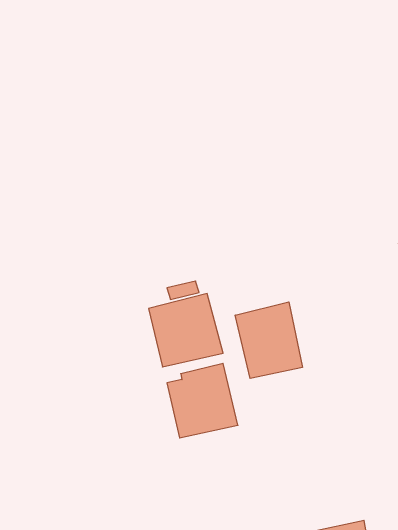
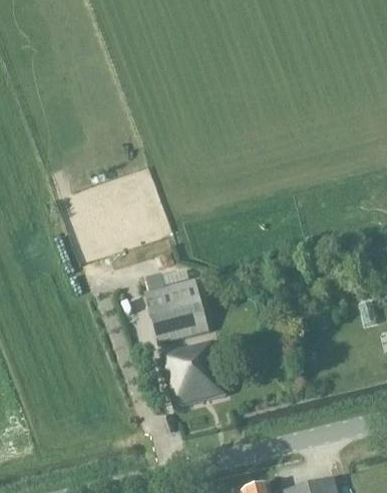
building: [235,302,302,378] -> none

